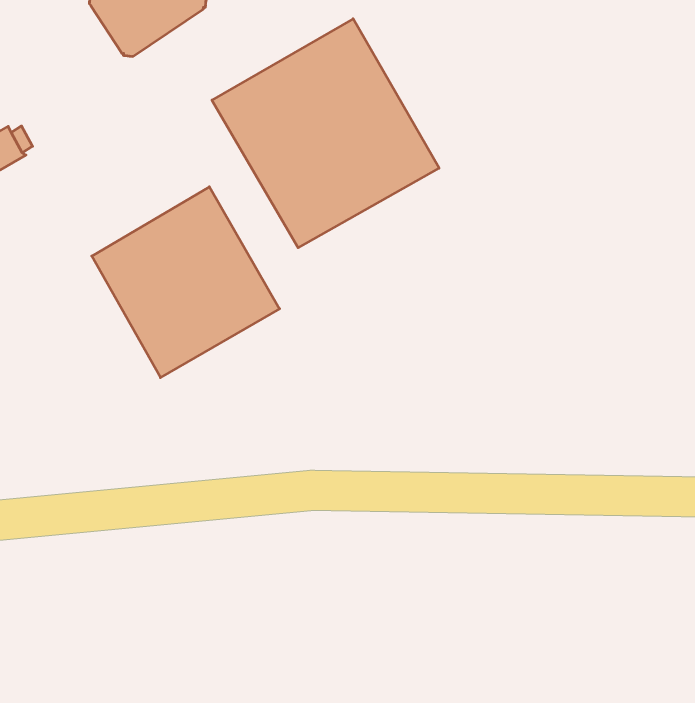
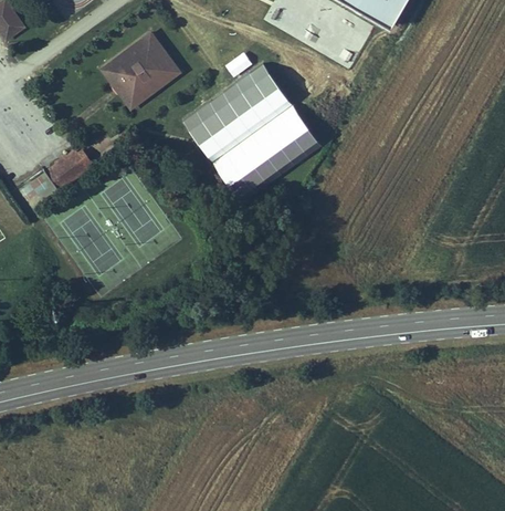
building: [92,187,280,378] -> none

